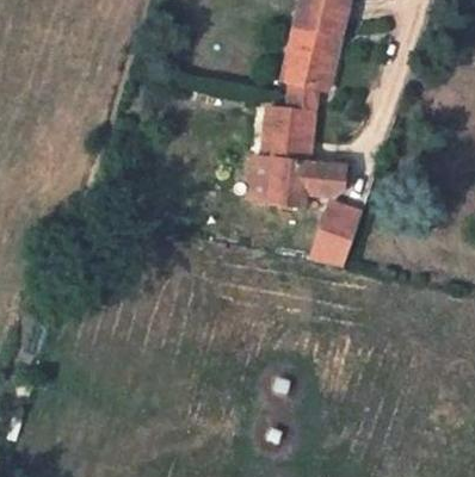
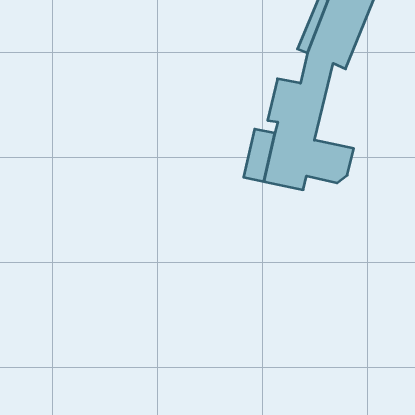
building: [310,199,365,270] -> none

